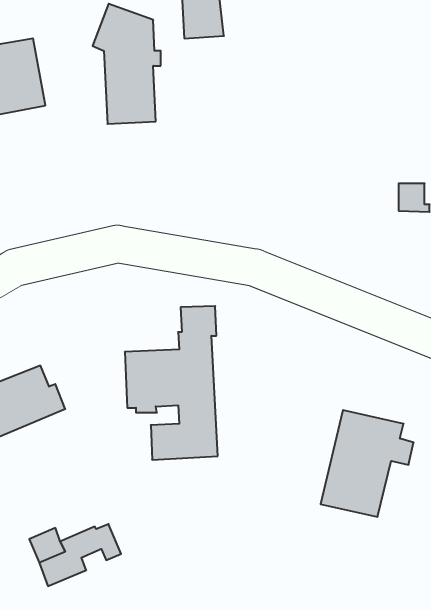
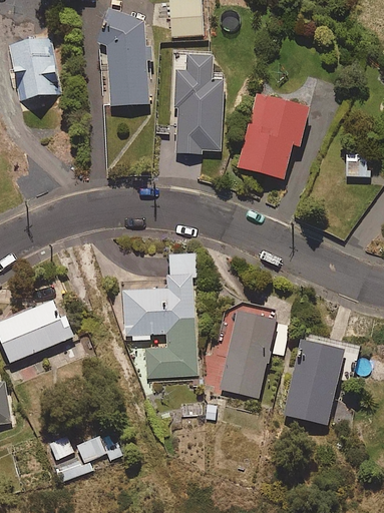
building: none -> [172,61,223,157]
building: none -> [240,94,310,179]
building: none -> [219,310,278,397]

